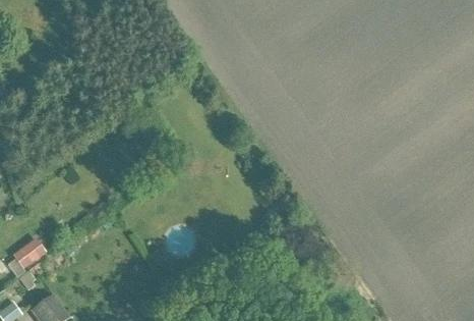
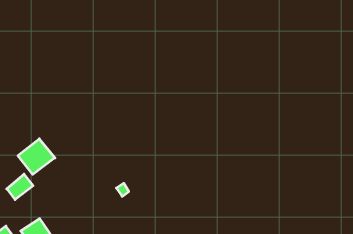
building: none -> [18,139,55,174]

